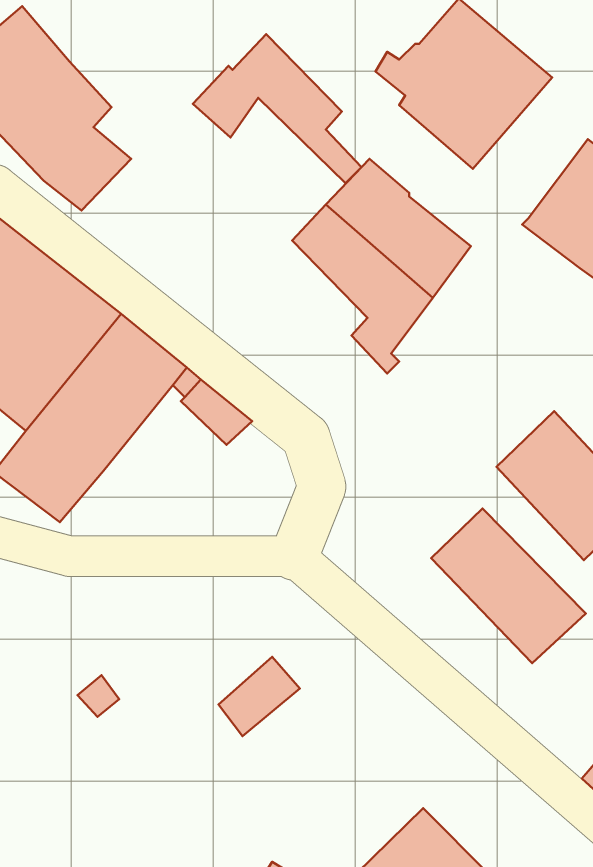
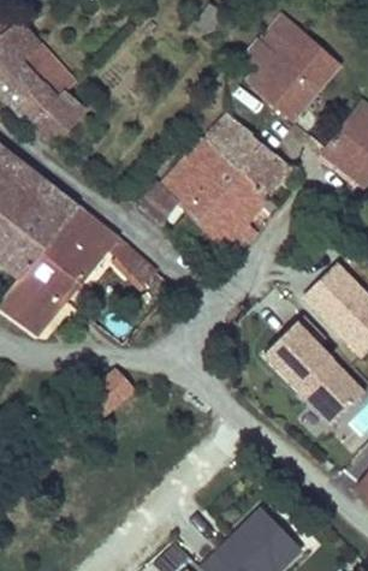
building: [193,34,362,183] -> [137,162,239,252]
building: [219,657,300,736] -> [85,370,135,418]

